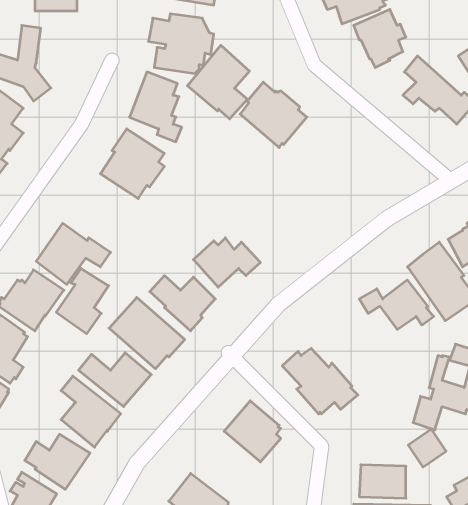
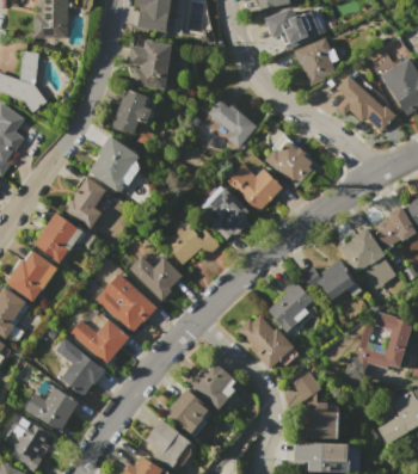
building: [187,45,249,119] -> none
building: none -> [264,134,312,186]
building: none -> [227,164,283,211]
building: none -> [196,187,248,241]
building: [56,268,109,334] -> [63,176,106,229]
building: none -> [266,279,313,332]
building: [408,429,446,467] -> [290,370,321,401]
building: none -> [165,387,209,436]

